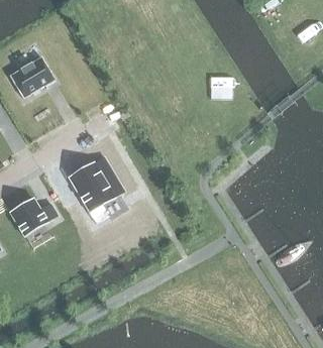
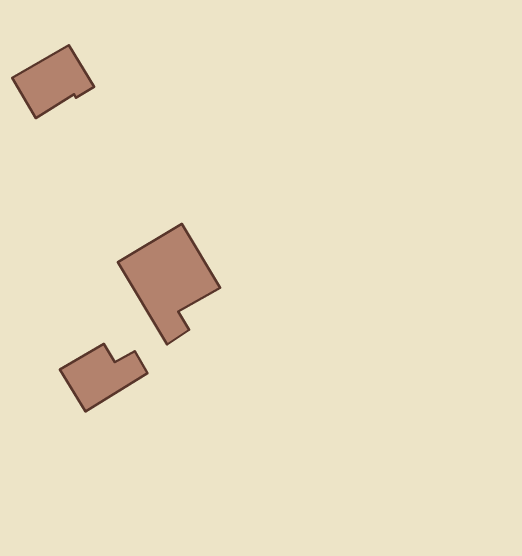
building: [10,197,59,234] -> [60,344,148,411]

